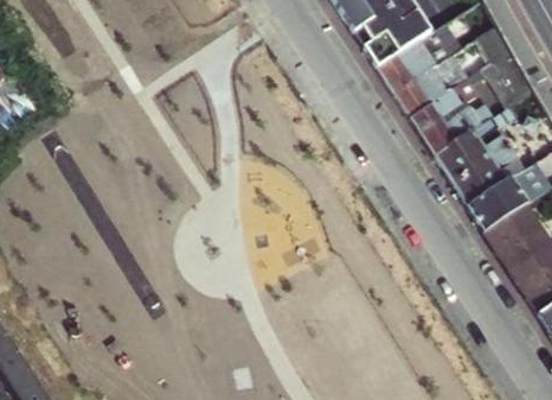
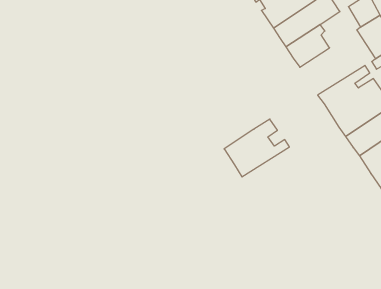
building: [410,78,493,152] -> [224,119,289,177]

